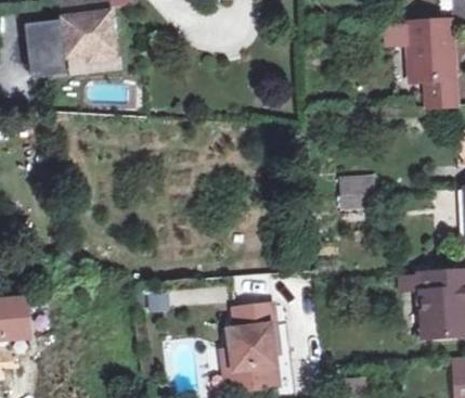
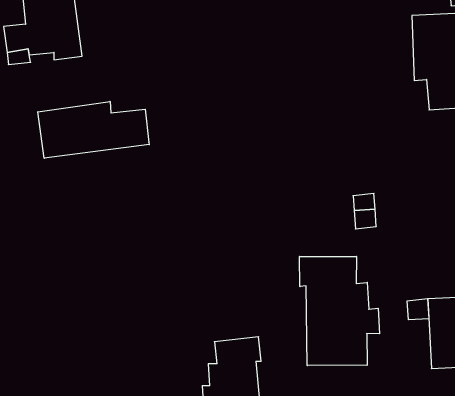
building: none -> [38,101,149,158]
building: none -> [300,256,379,366]

